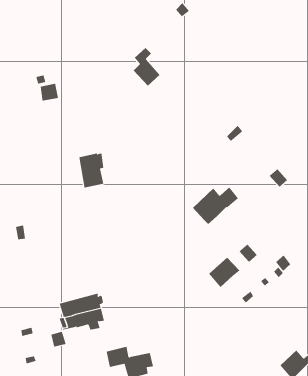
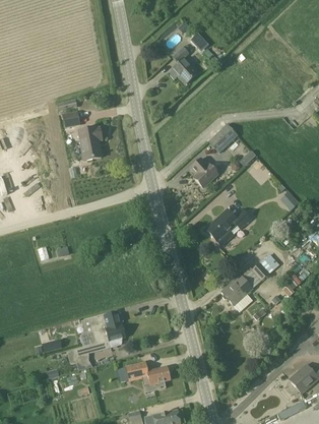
building: [133,47,160,87] -> [171,47,197,84]
building: none -> [208,124,238,153]
building: none -> [190,158,217,187]
building: [79,153,104,188] -> [77,127,102,161]

